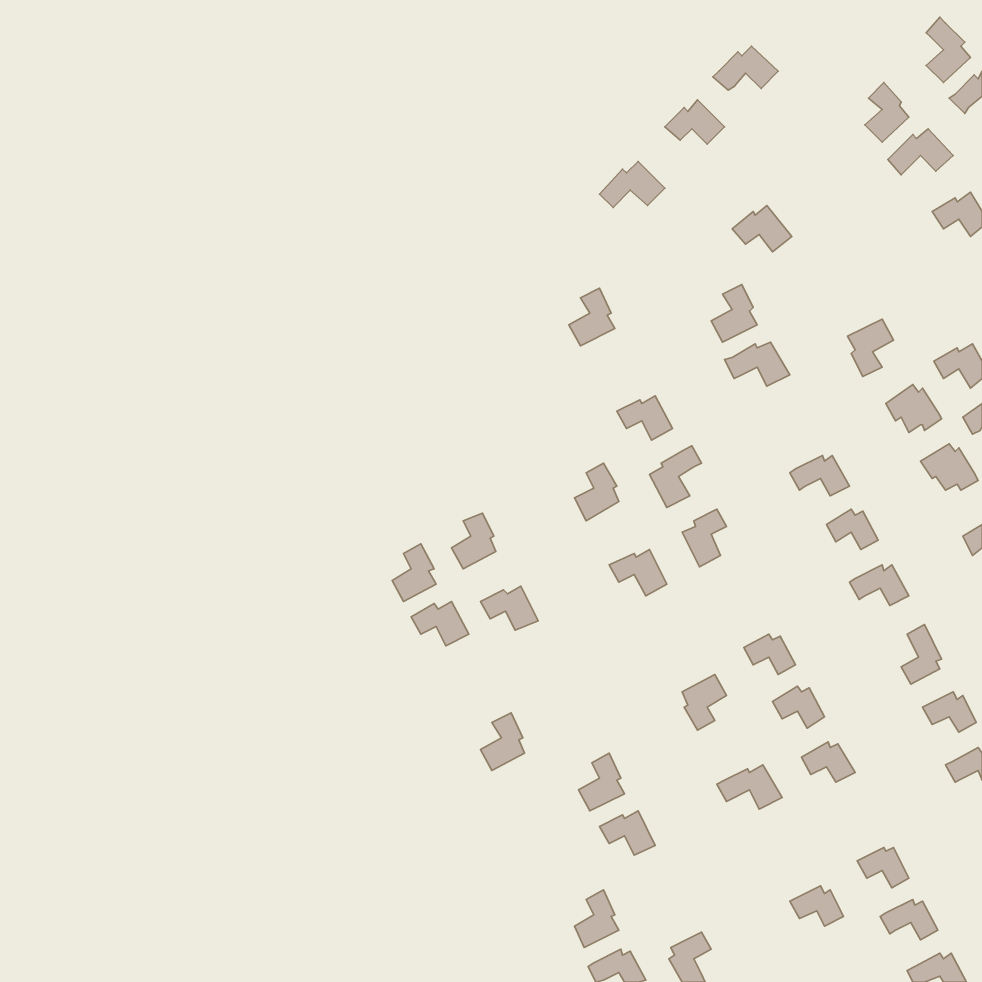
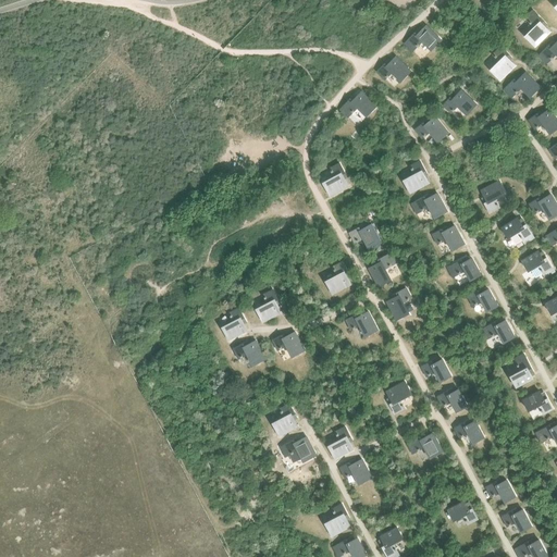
building: none -> [443,90,476,115]
building: none -> [432,225,465,251]
building: none -> [280,436,315,462]

